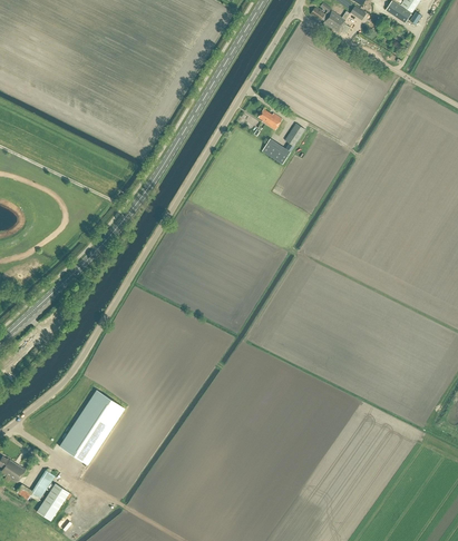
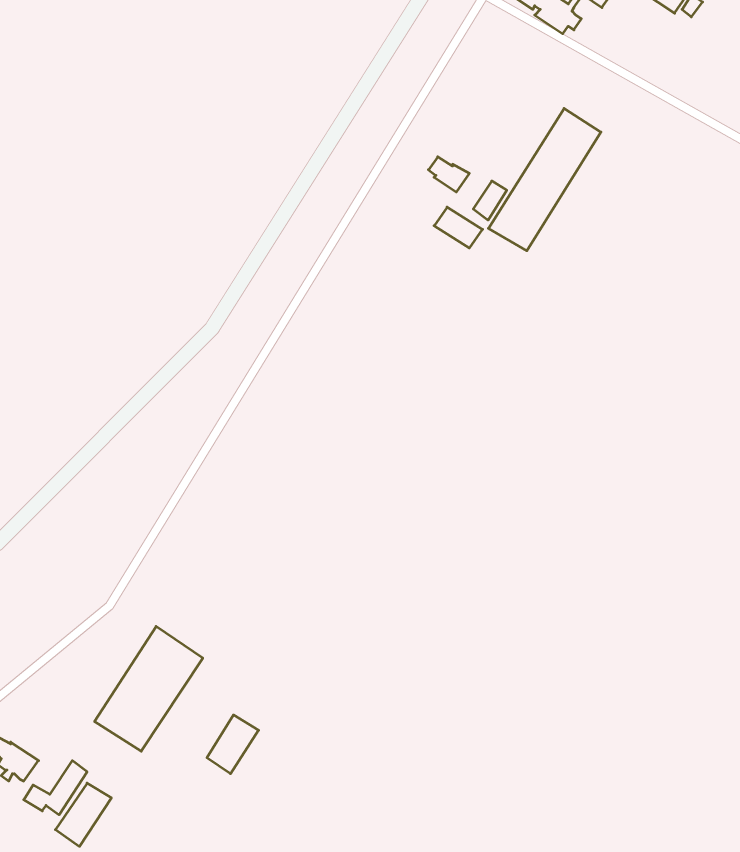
building: none -> [488,108,601,251]
building: none -> [207,715,259,774]

